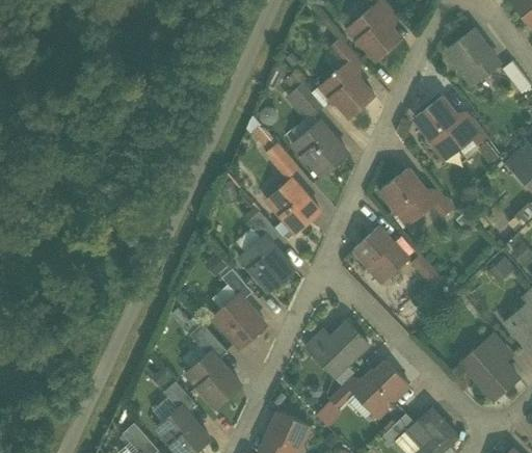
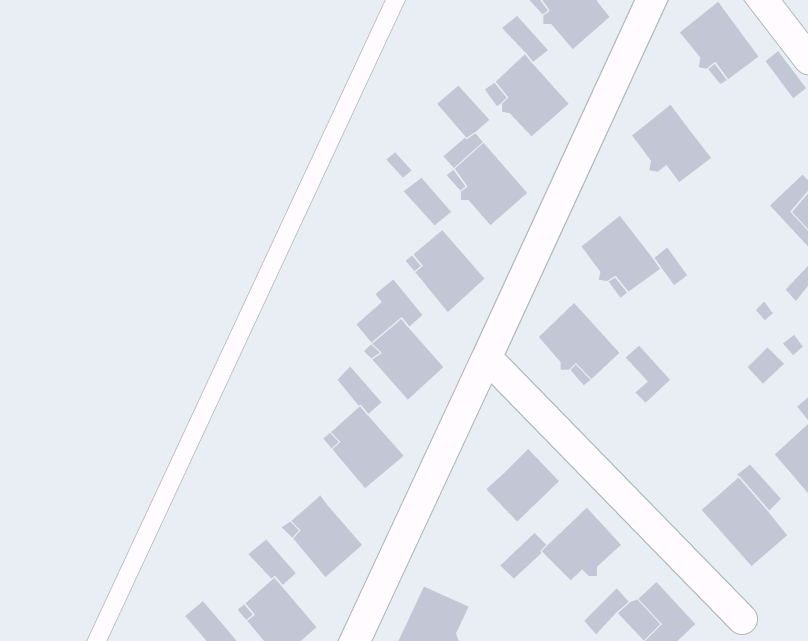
building: [431,112,486,162] -> none
building: [189,323,225,359] -> none
building: [303,328,340,377] -> none

